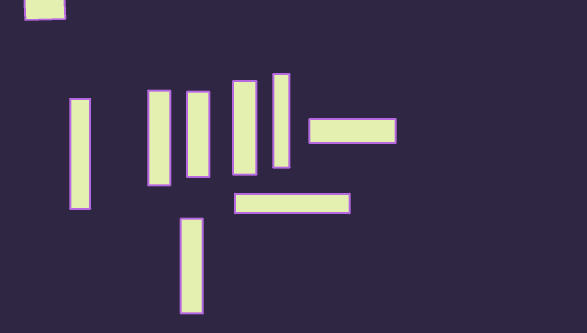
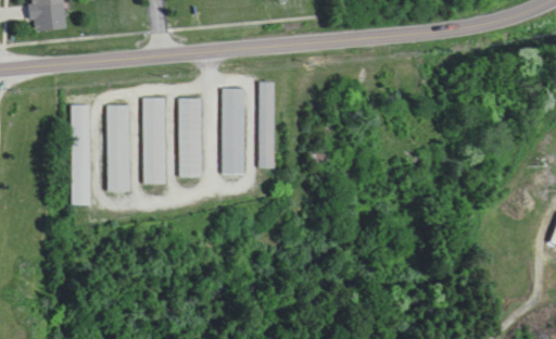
building: [310,119,396,143] -> none
building: [235,194,350,213] -> none
building: [181,219,203,313] -> [108,103,128,190]

